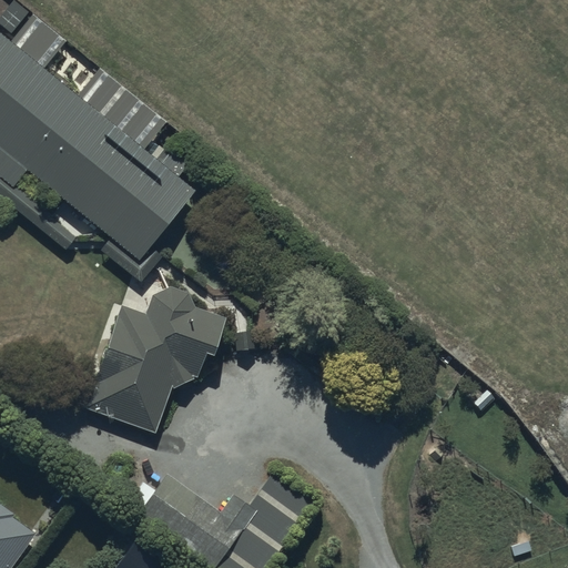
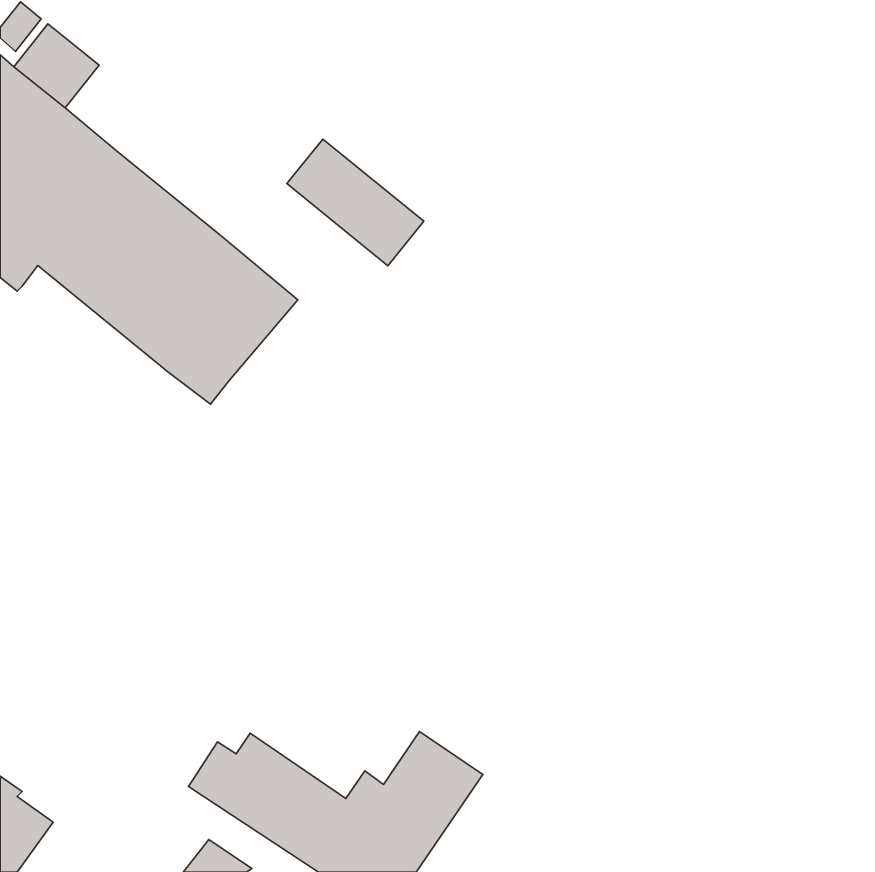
building: [75,69,164,151] -> [287,139,424,266]
building: [83,286,226,433] -> none

